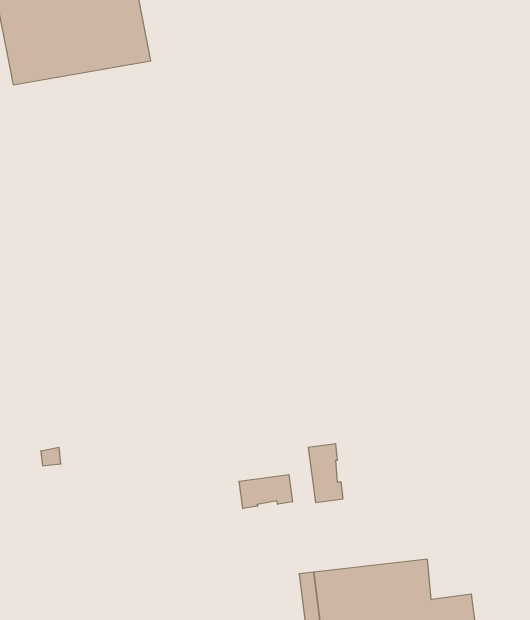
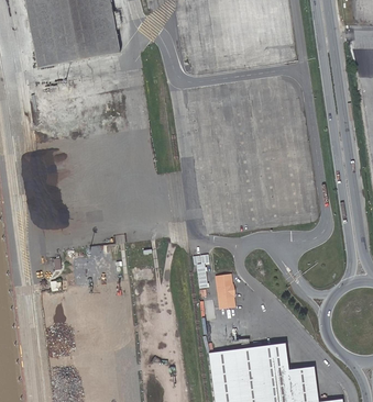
building: [239,475,293,509] -> none

